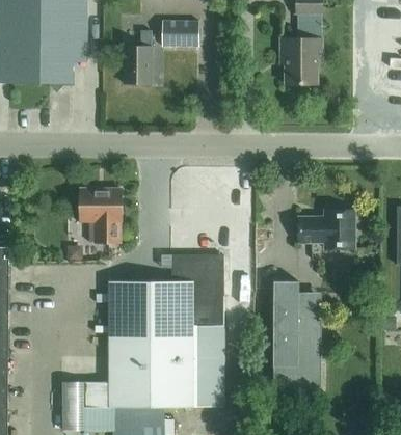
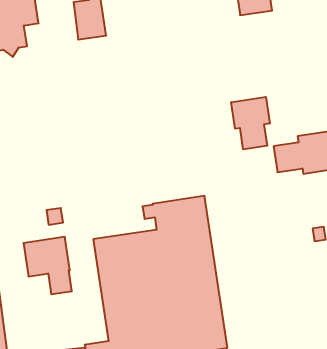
building: none -> [231,97,270,149]
building: [79,189,121,243] -> [23,237,72,294]
building: [273,281,321,387] -> none

